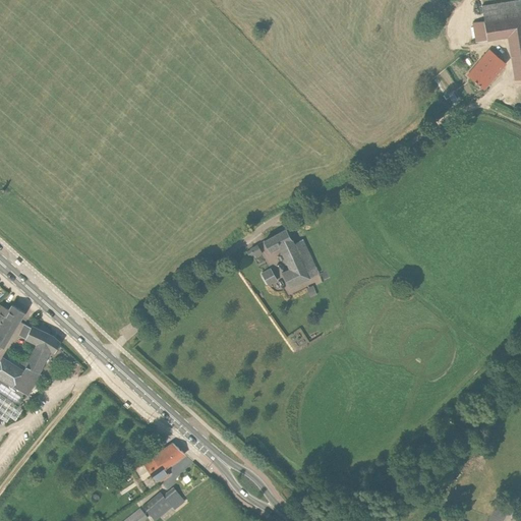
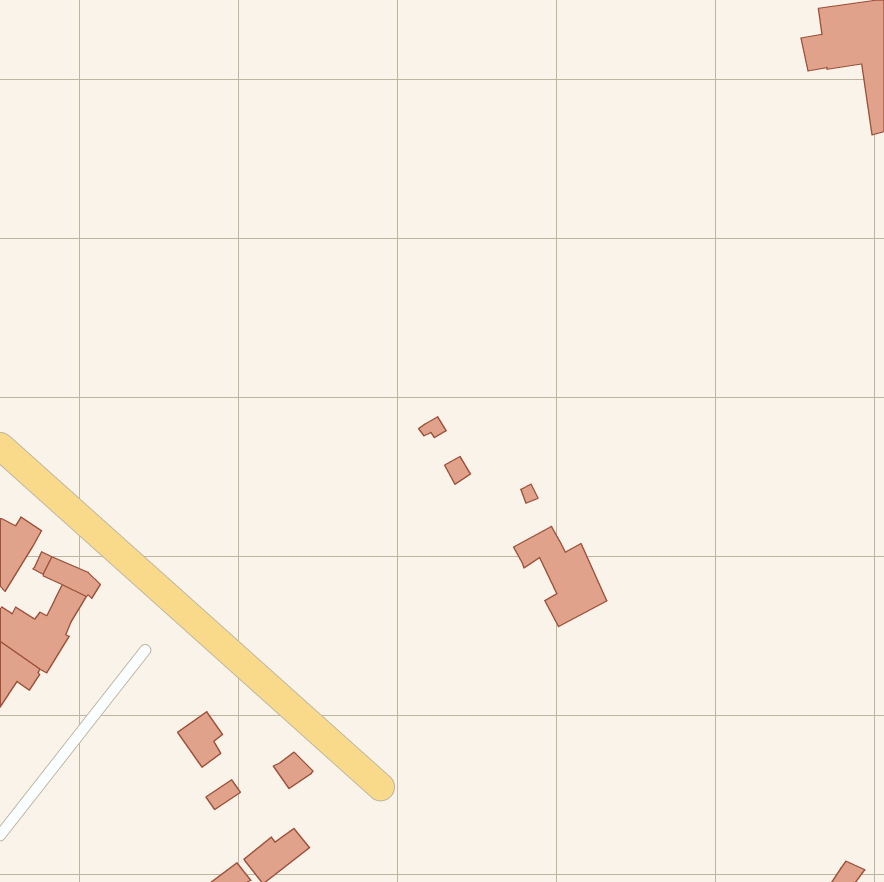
building: [467,51,505,90] -> none
building: [264,230,319,289] -> [514,526,607,627]
building: [143,452,170,484] -> [178,712,223,767]

